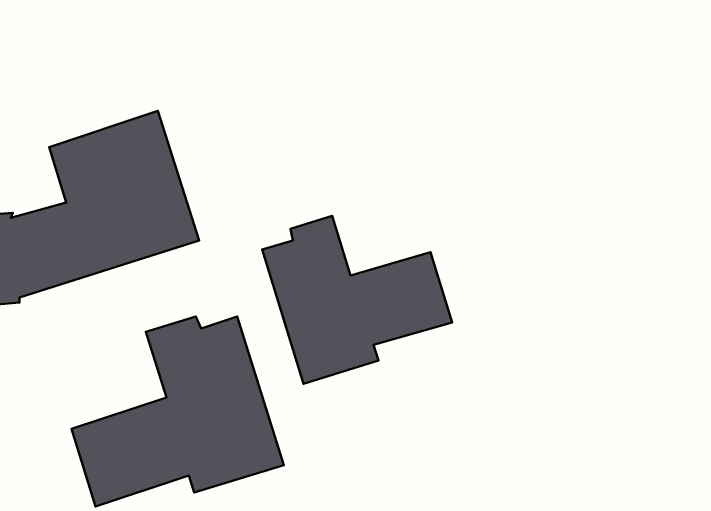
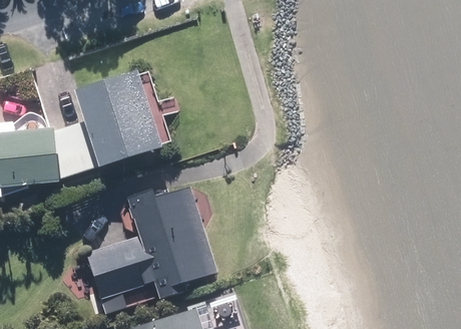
building: [262,216,452,384] -> none

